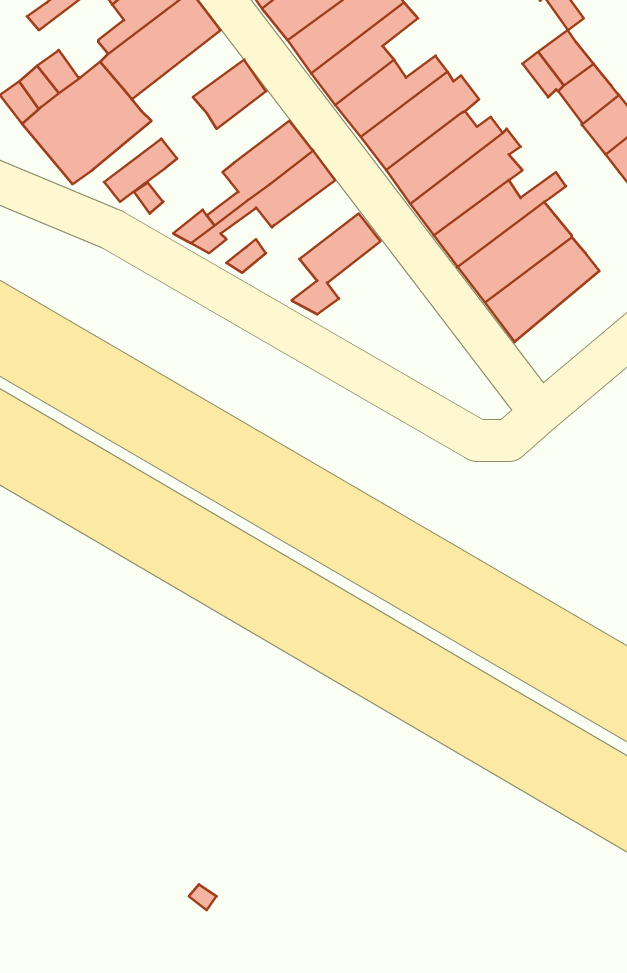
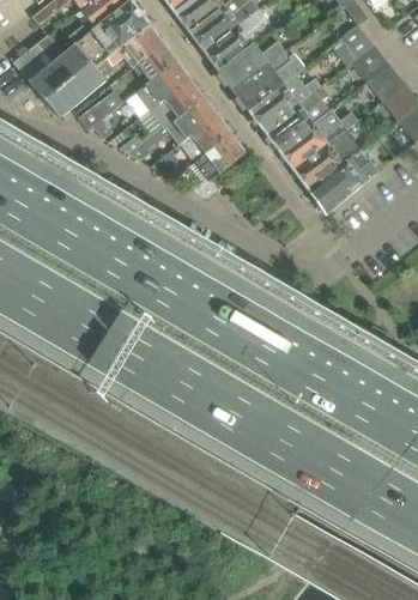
building: none -> [93,24,162,73]
building: none -> [126,61,189,117]
building: none -> [180,115,231,163]

